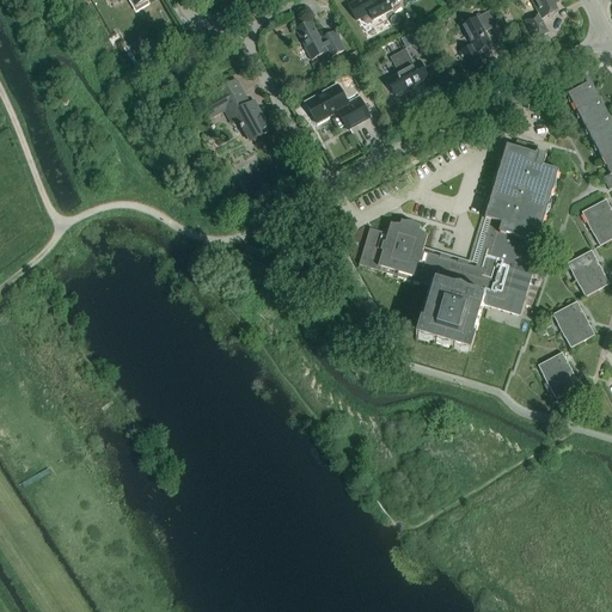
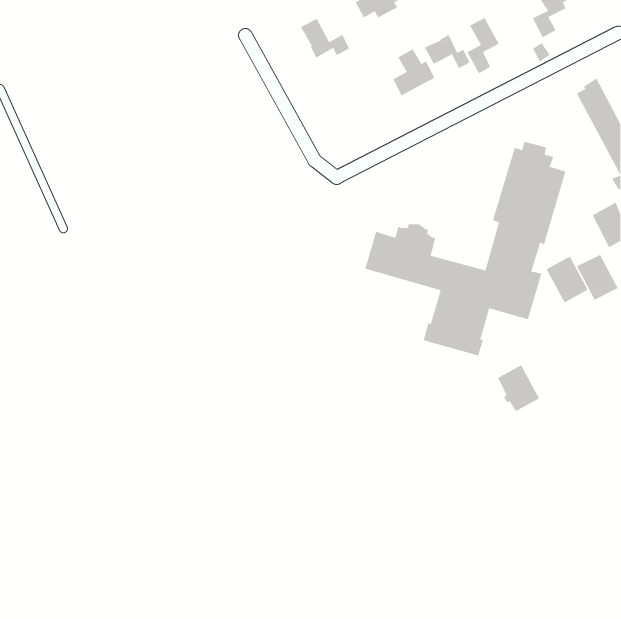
building: none -> [424,34,470,69]
building: [202,79,271,136] -> none
building: [306,84,371,129] -> none
building: [552,300,594,347] -> [546,256,588,303]
building: [538,351,580,398] -> [497,364,540,412]

